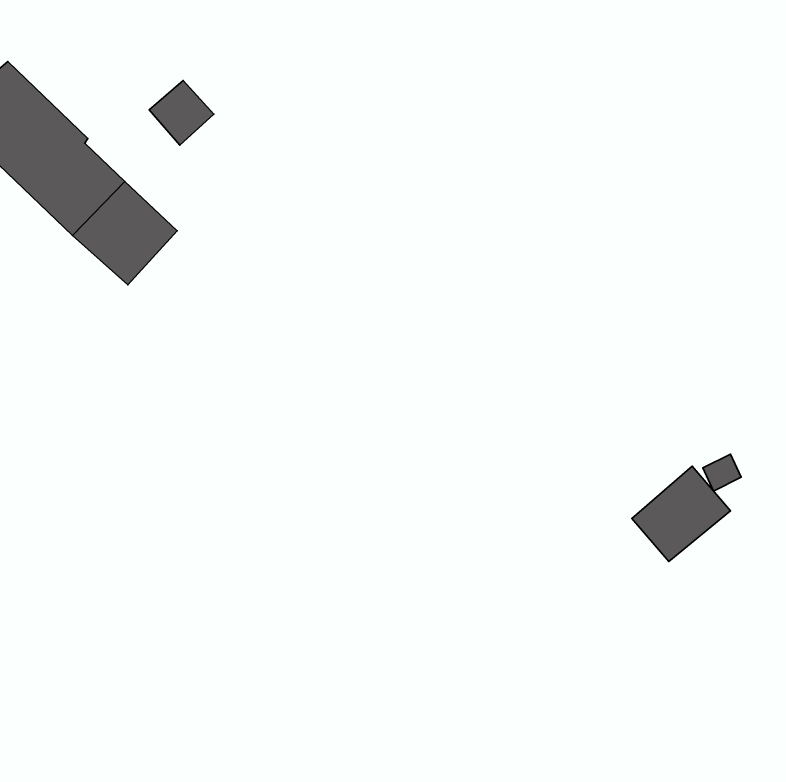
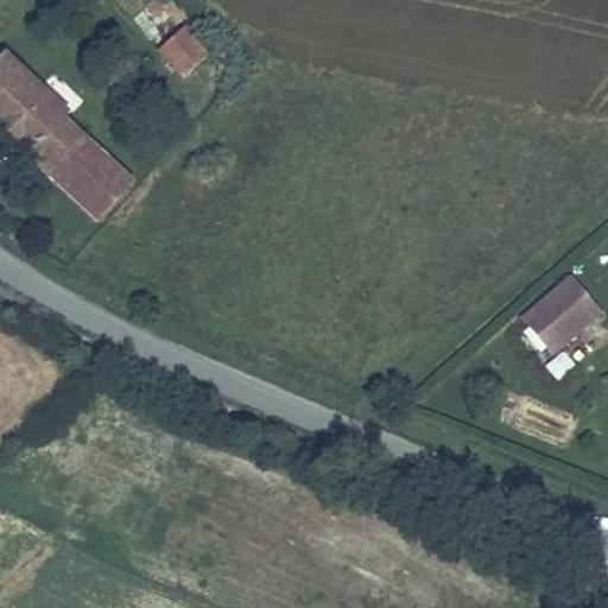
building: [149,80,214,145] -> [157,23,207,72]
building: [632,466,731,562] -> [524,277,600,350]

